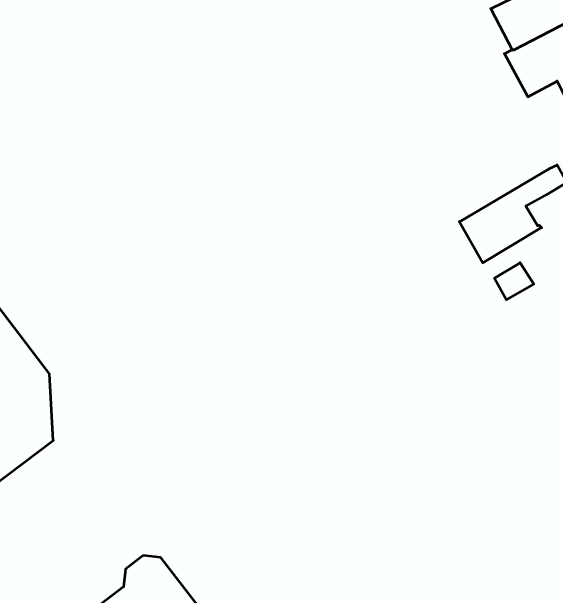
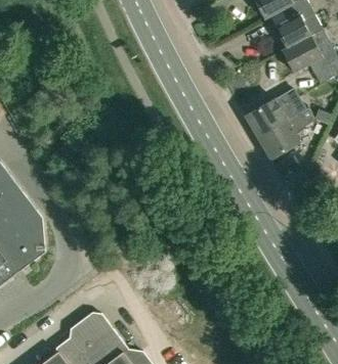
building: none -> [245,88,304,137]

